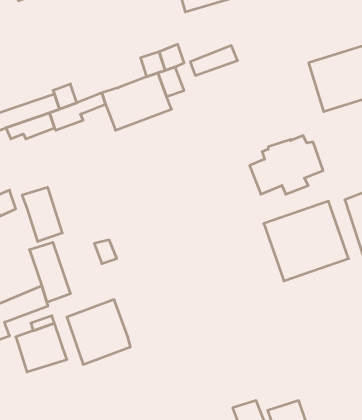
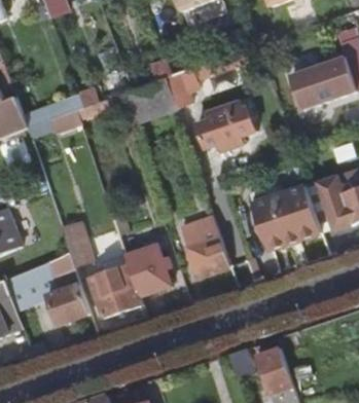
building: [250,136,323,194] -> [193,100,254,148]
building: [22,187,62,242] -> none
building: none -> [178,215,228,276]
building: none -> [124,244,170,295]

